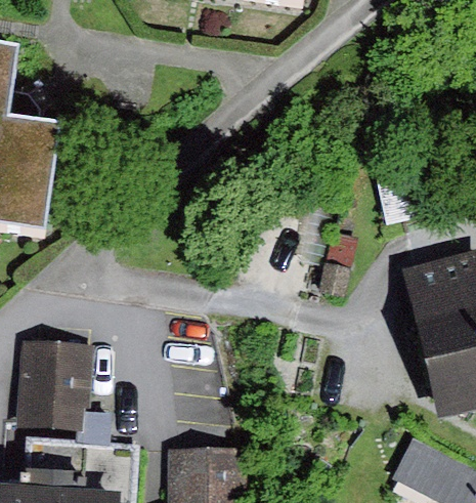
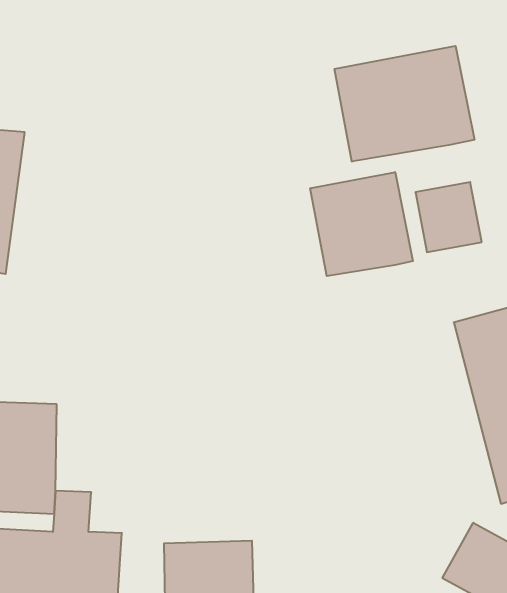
building: none -> [335,46,474,162]
building: none -> [310,172,413,276]

